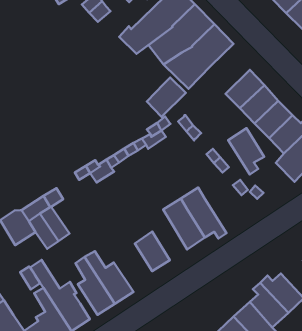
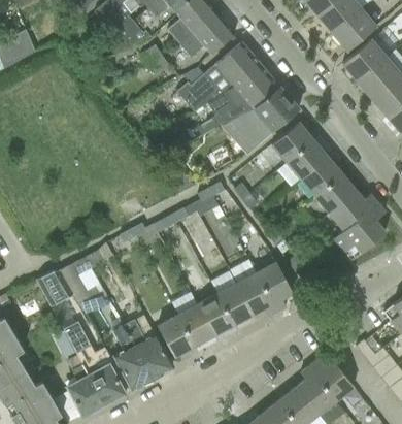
building: [147,77,186,117] -> [271,121,313,162]
building: [228,128,264,174] -> [256,261,293,311]
building: none -> [197,293,233,335]
building: none -> [158,315,194,357]

